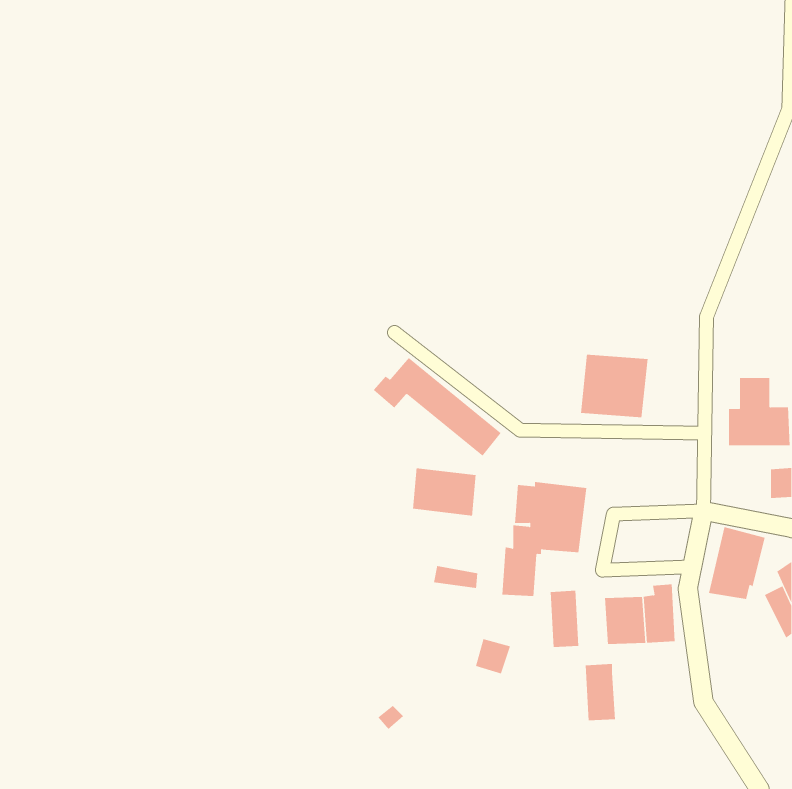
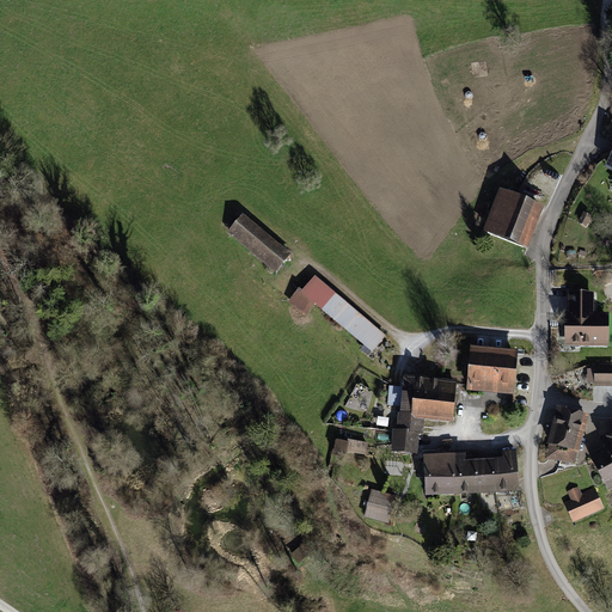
building: none -> [486,189,543,244]
building: none -> [227,213,290,271]
building: [580,354,648,418] -> [466,347,519,396]
building: [413,467,476,516] -> none
building: none -> [563,485,602,520]
building: [585,664,616,721] -> [443,453,467,497]

